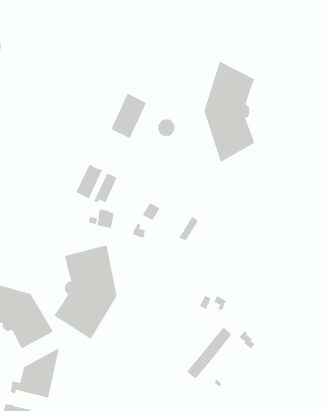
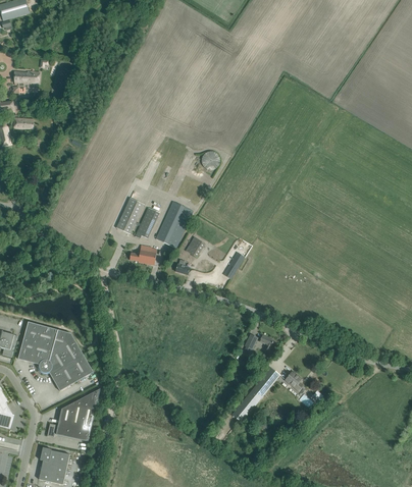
building: [204,61,255,163] -> none
building: [111,93,147,139] -> [155,201,193,249]
building: [53,245,118,340] -> none

